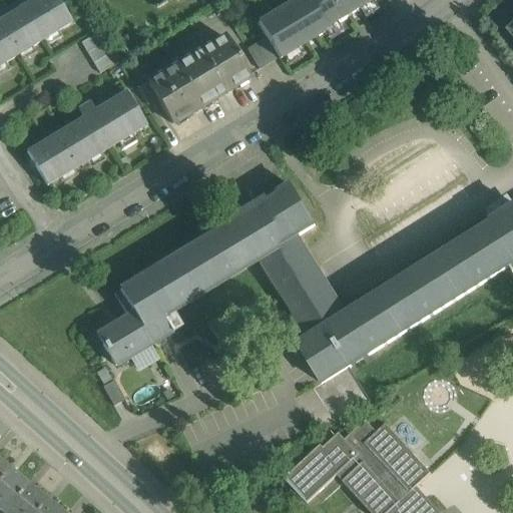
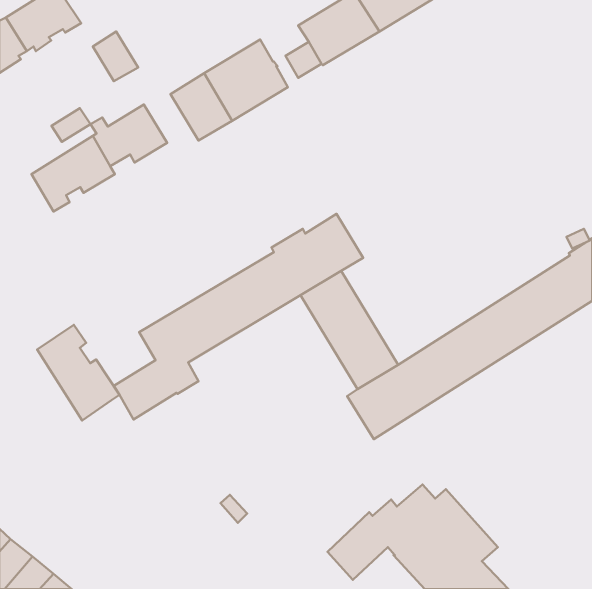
building: none -> [51,108,91,142]
building: none -> [37,325,119,421]

